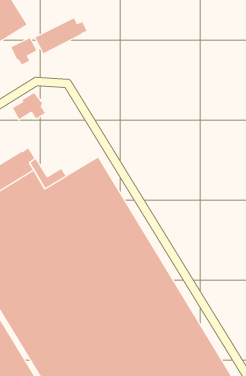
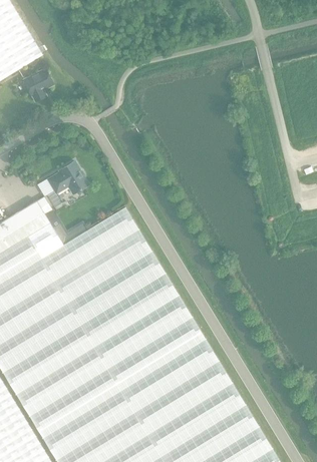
building: [35,18,88,54] -> none
building: [12,92,46,120] -> [47,161,86,193]

